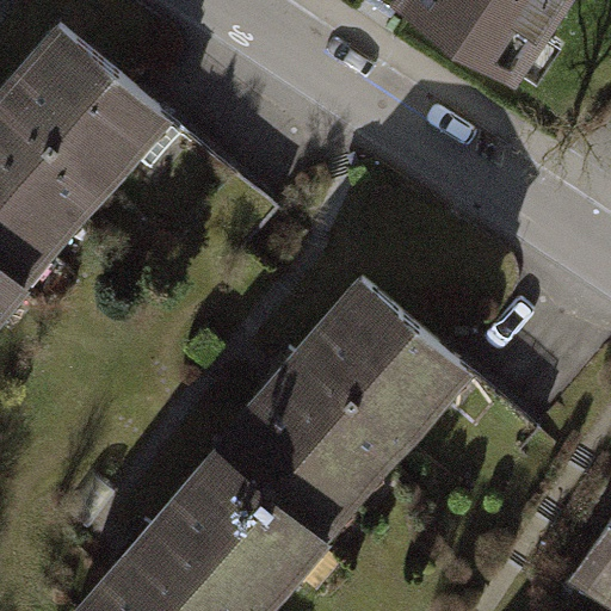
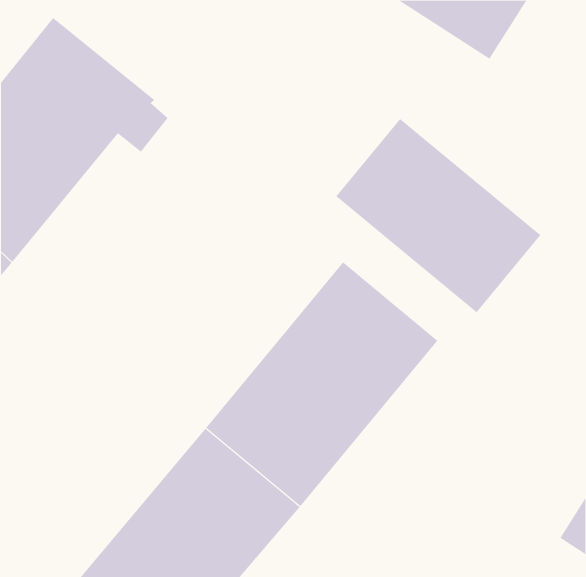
building: none -> [336,118,541,313]

